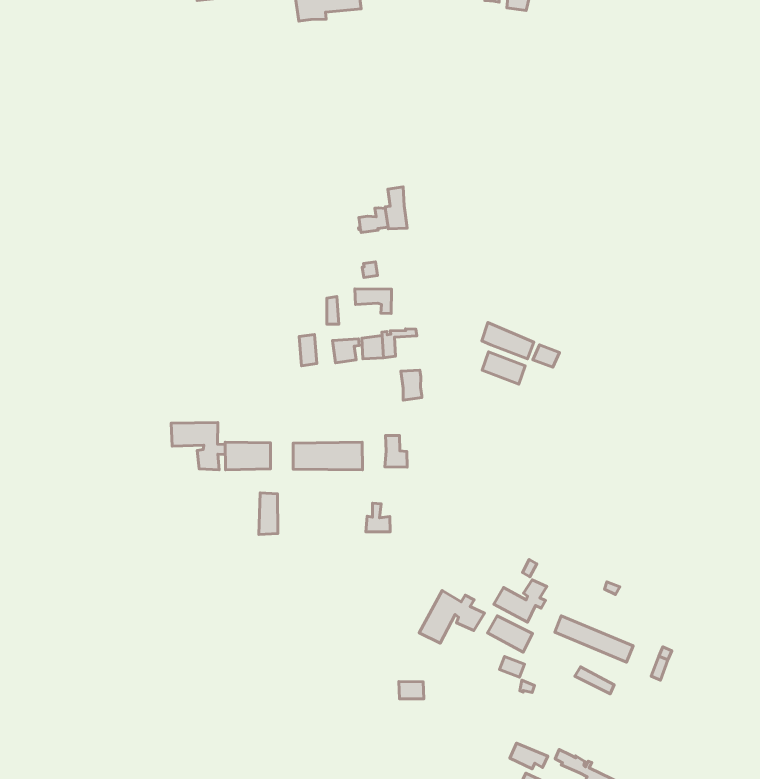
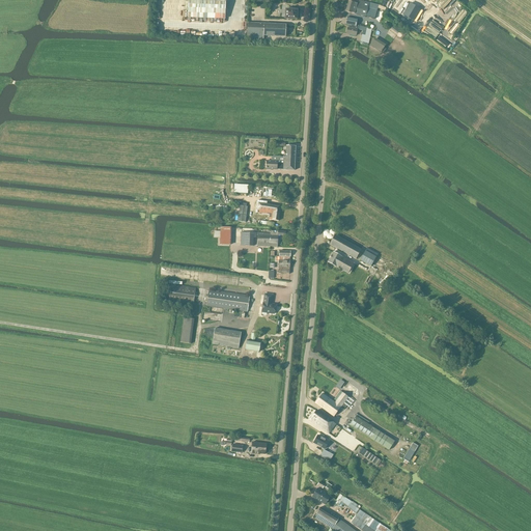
building: [171,423,225,470] -> none
building: none -> [213,327,241,347]
building: [419,591,485,643] -> none

